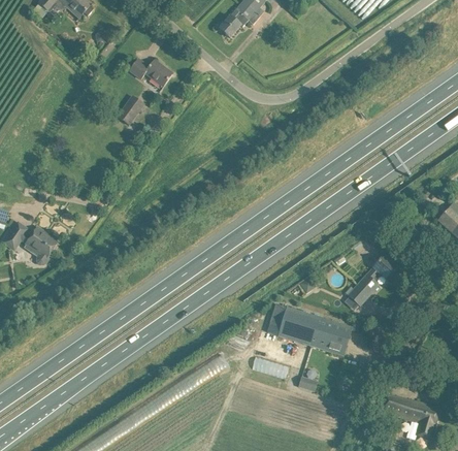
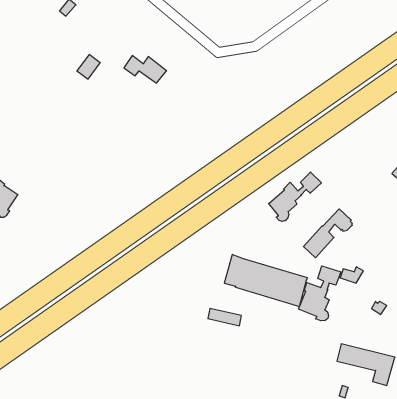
building: [130,58,173,86] -> [124,56,167,83]
building: none -> [269,172,321,221]
building: none -> [298,266,341,321]

